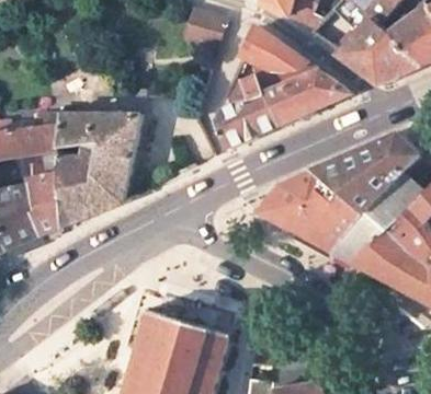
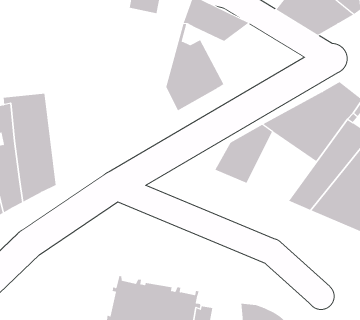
building: [252,63,349,125] -> none
building: [93,115,138,211] -> none
building: [291,178,364,251] -> none

